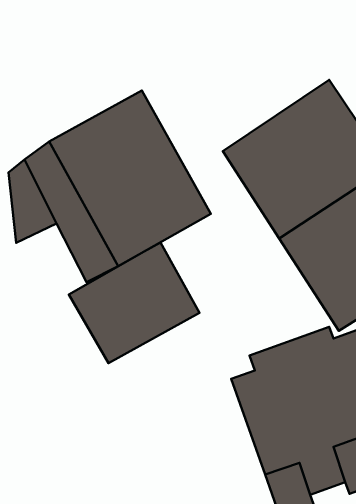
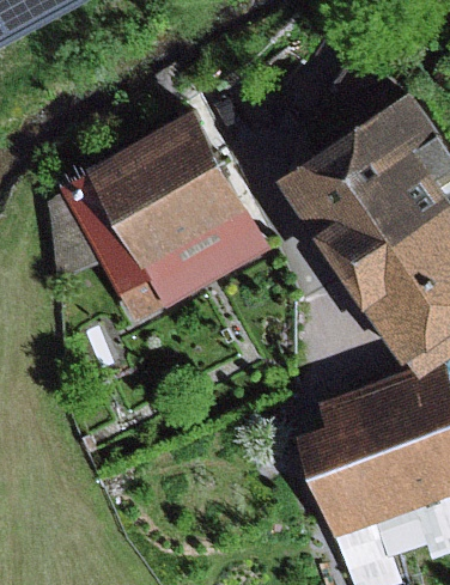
building: [69,242,200,363] -> none

